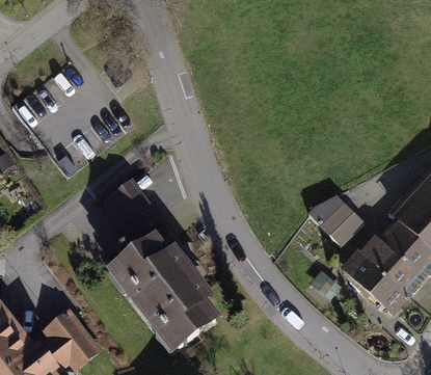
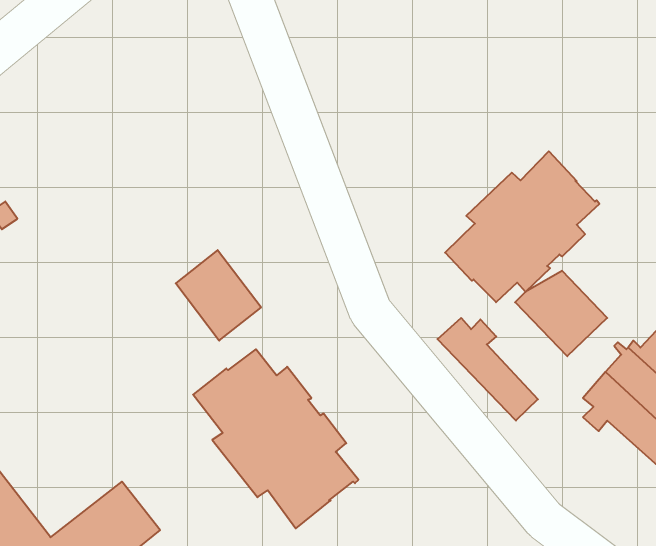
building: none -> [445,151,599,302]
building: none -> [437,318,538,421]

